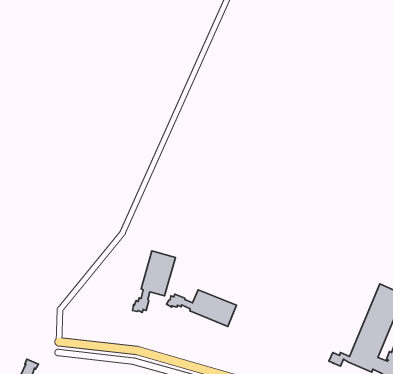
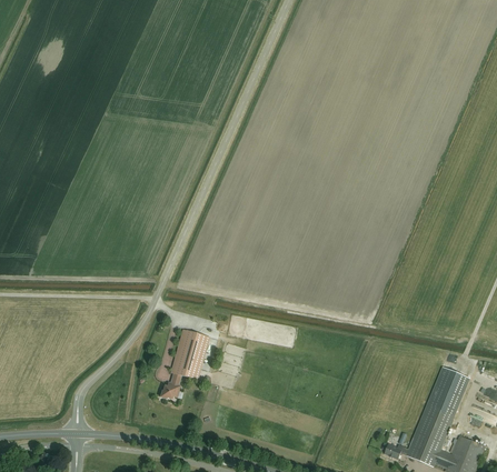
building: [167,290,236,326] -> none

